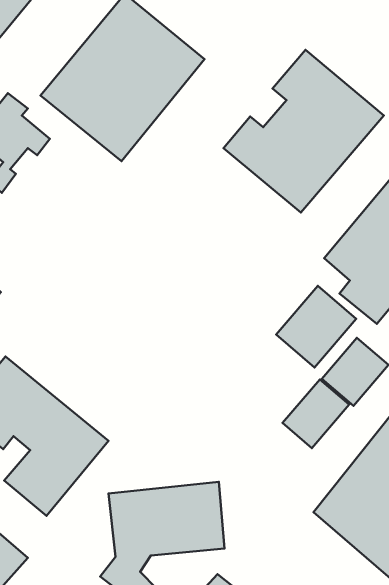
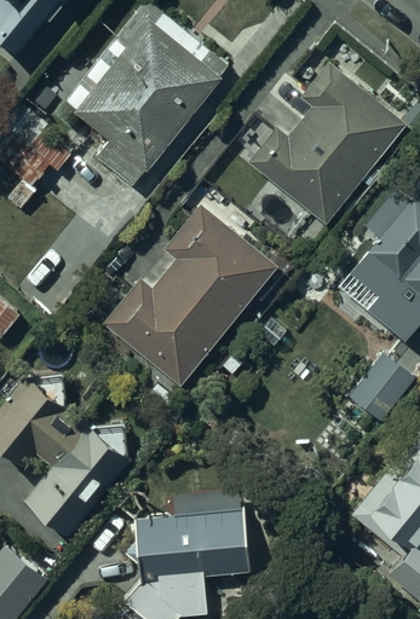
building: none -> [102,203,281,391]
building: [276,286,356,367] -> none
building: [283,379,349,448] -> none

